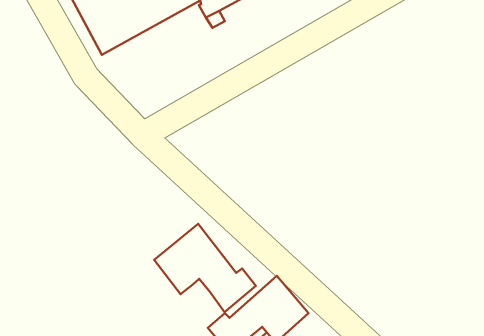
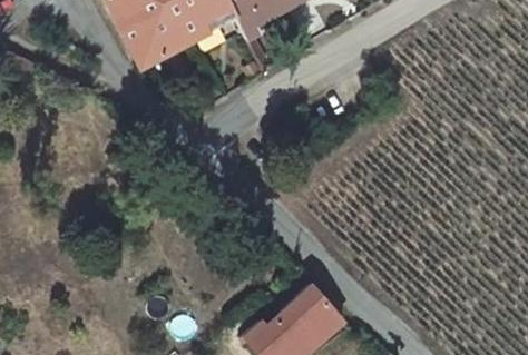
building: [154,224,256,312] -> none

